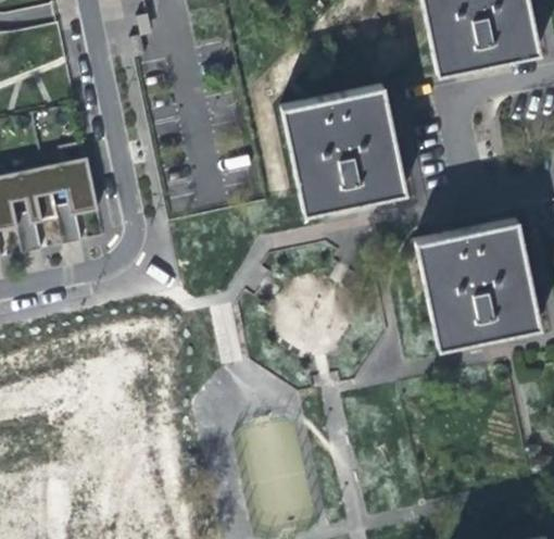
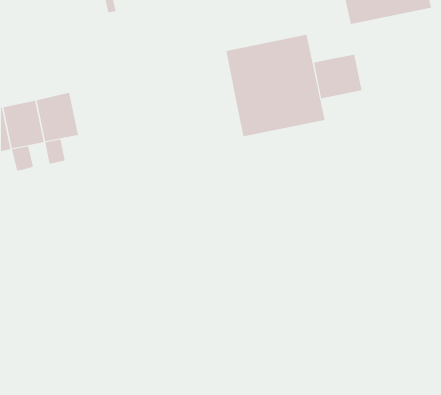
building: none -> [313,54,362,99]
building: [417,220,541,347] -> none

